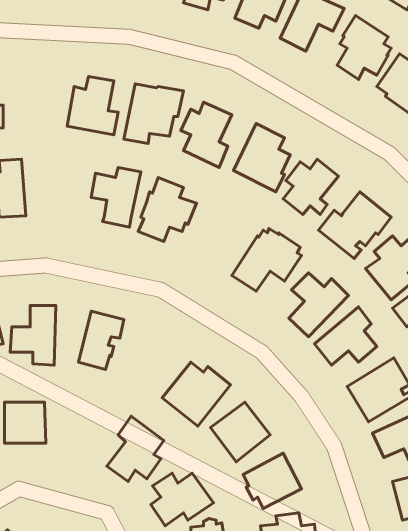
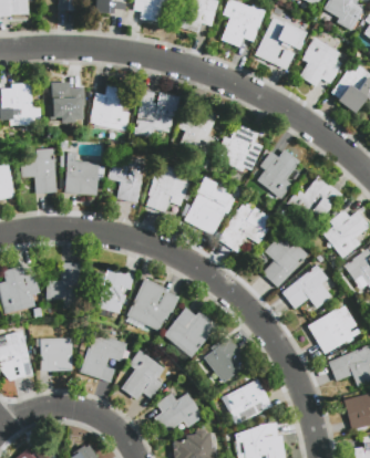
building: none -> [49,82,85,124]
building: none -> [64,152,99,196]
building: none -> [185,177,236,236]
building: none -> [126,278,179,331]
building: none -> [81,333,127,383]

